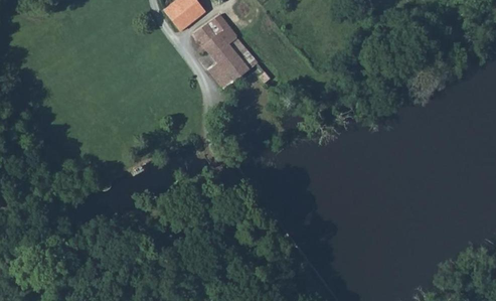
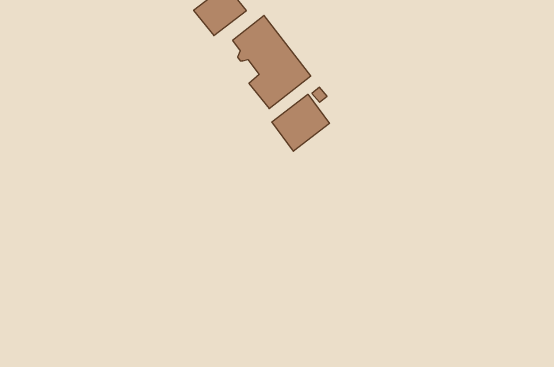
building: none -> [272,94,329,151]

